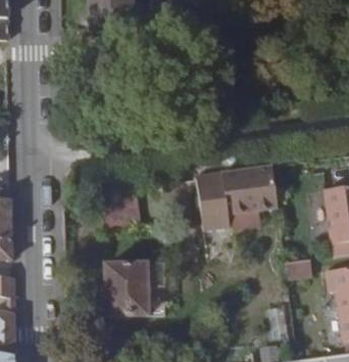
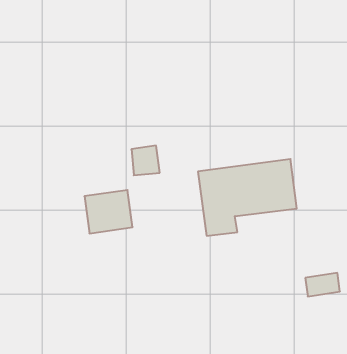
building: [105,264,165,317] -> none

